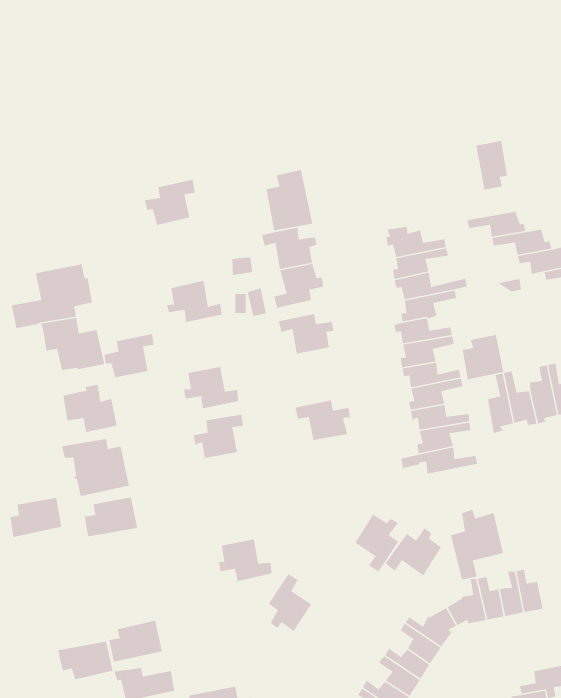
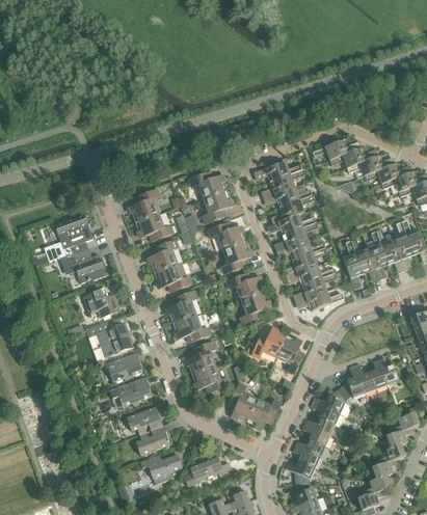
building: [475,140,508,191] -> none
building: [266,169,313,231] -> none
building: [144,179,196,226] -> [128,189,159,221]
building: [103,333,154,378] -> [148,240,178,271]
building: [462,334,504,380] -> none
building: none -> [220,242,251,274]
building: none -> [239,293,269,325]
building: none -> [176,315,210,343]
building: [9,497,62,538] -> [117,377,151,406]
building: none -> [185,341,215,373]
building: [450,508,504,581] -> none
building: [385,527,442,576] -> [250,328,284,358]
building: none -> [247,399,281,429]
building: [57,641,113,680] -> [126,407,162,434]

